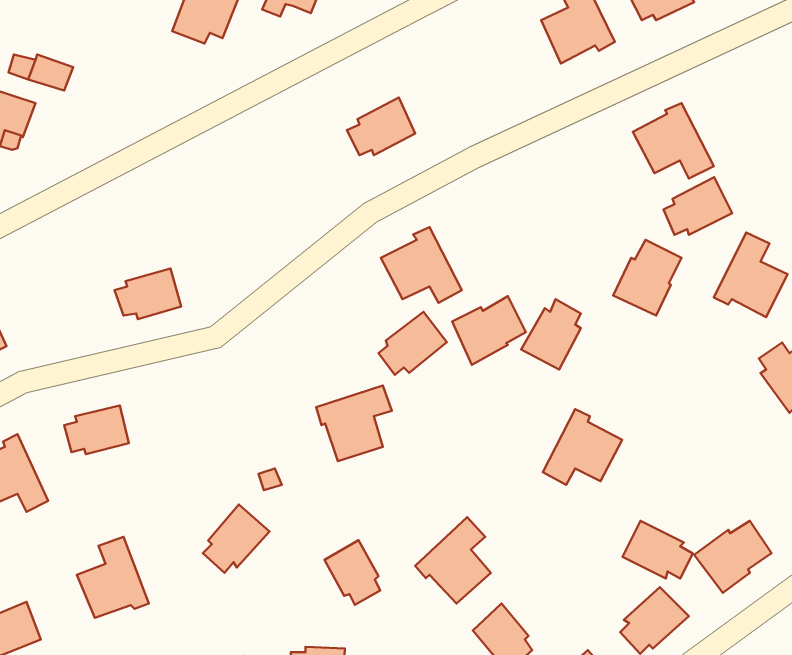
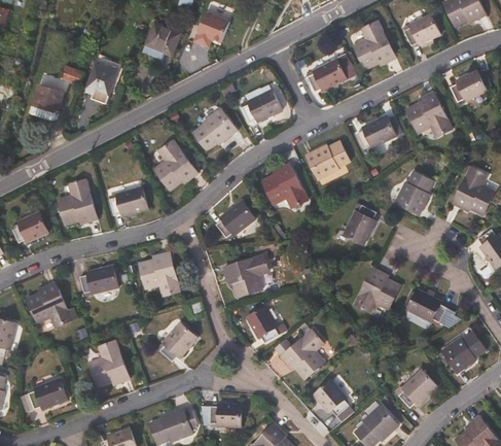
building: none -> [308,58,348,91]
building: none -> [87,62,118,94]
building: none -> [451,70,488,101]
building: none -> [194,108,238,149]
building: [664,177,732,235] -> [358,114,397,147]
building: none -> [154,139,199,190]
building: none -> [58,179,98,225]
building: [452,296,526,365] -> [308,140,350,179]
building: [379,312,447,375] -> [217,200,256,236]
building: none -> [139,251,181,295]
building: [623,521,693,579] -> [407,288,448,321]
building: [324,540,380,605] -> [247,305,279,342]

